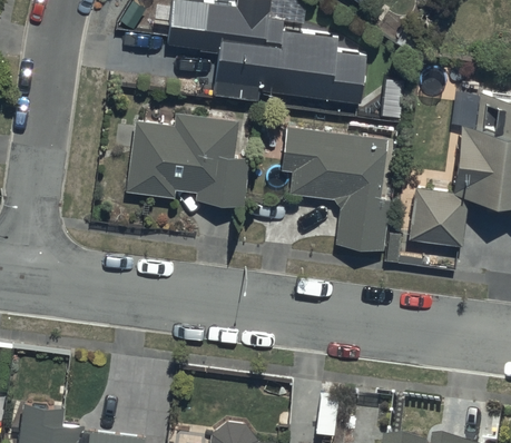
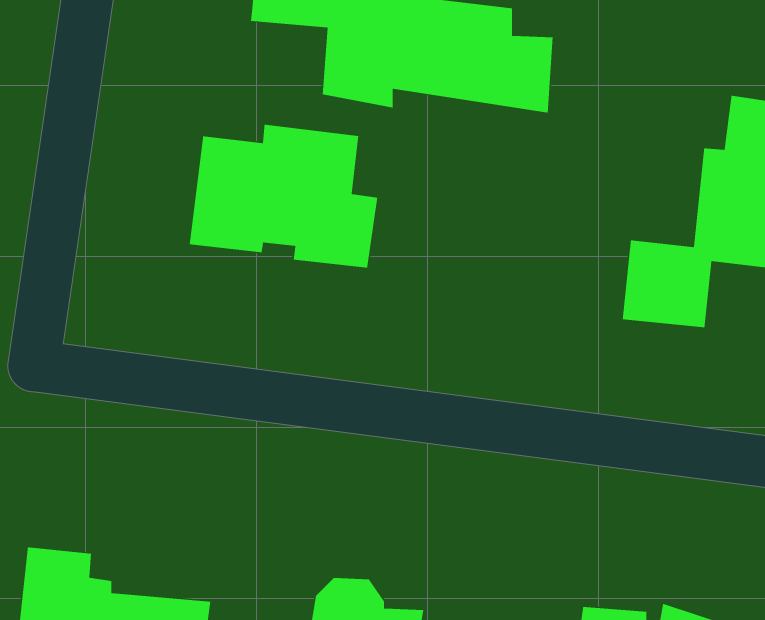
building: [283,129,390,252] -> none

